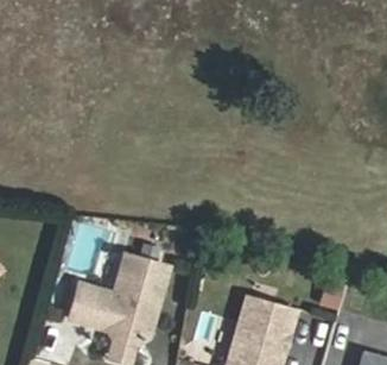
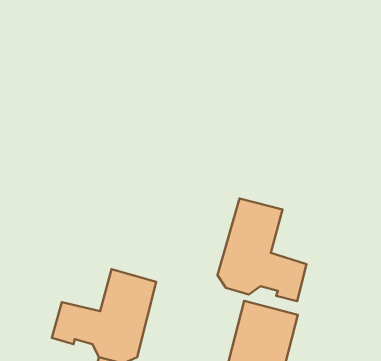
building: none -> [218,198,307,301]

